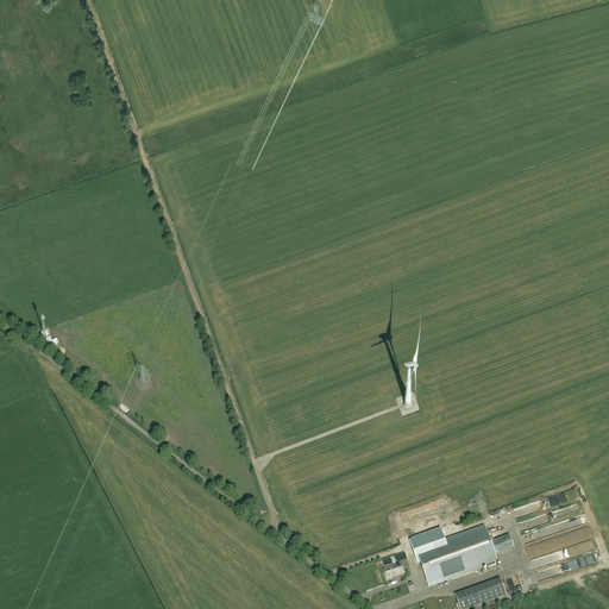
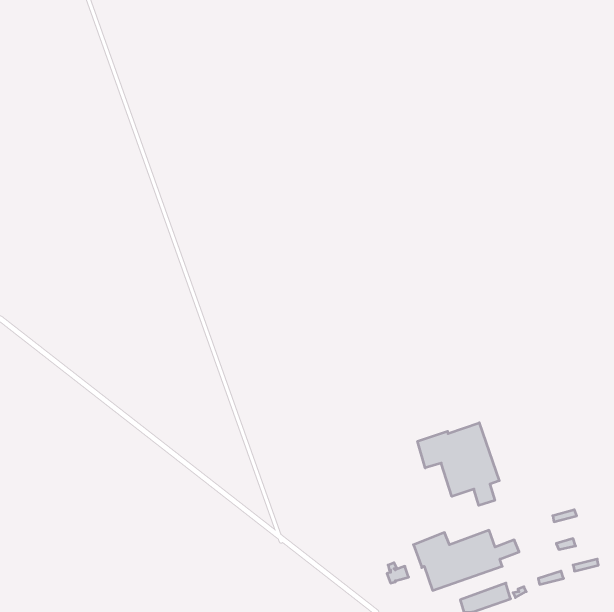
building: none -> [418,423,499,505]

